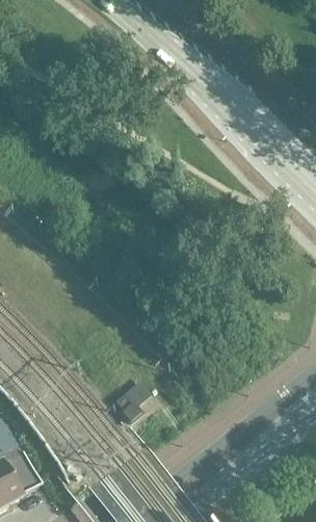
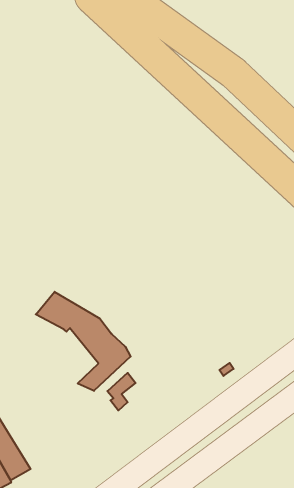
building: none -> [36,292,131,391]

